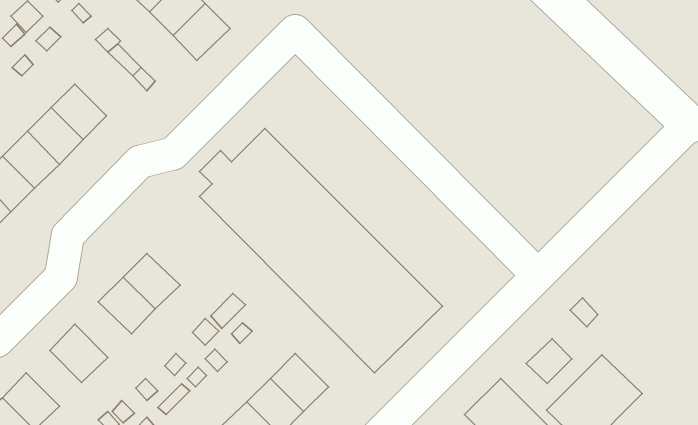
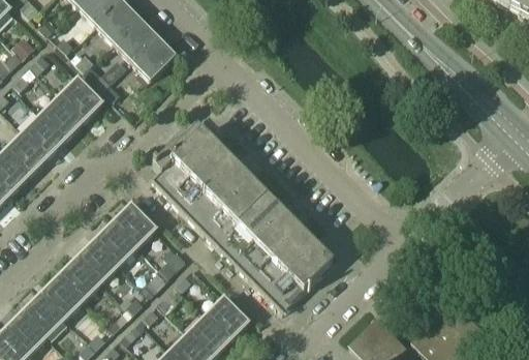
building: none -> [59,77,101,119]
building: none -> [113,203,155,245]
building: none -> [59,258,101,299]
building: [526,339,572,383] -> none
building: none -> [23,294,64,335]

